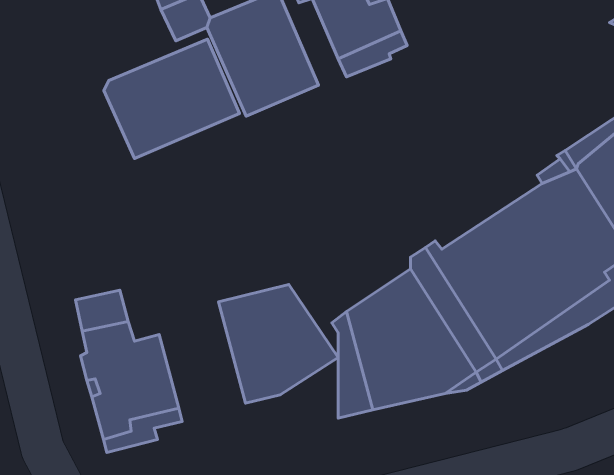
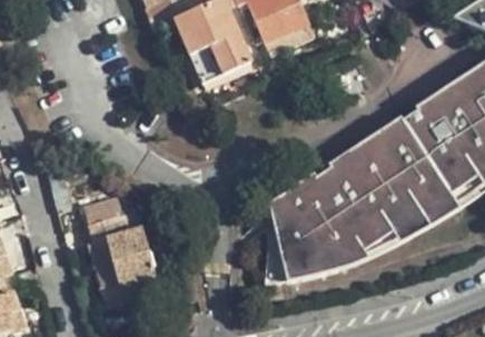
building: [104,39,239,159] -> none
building: [218,285,338,403] -> none

